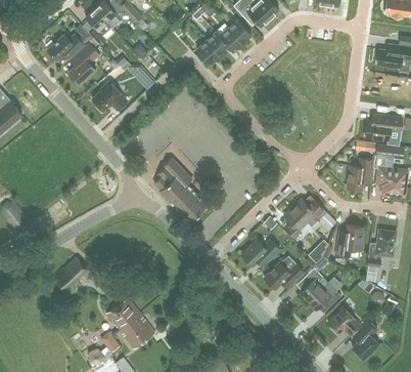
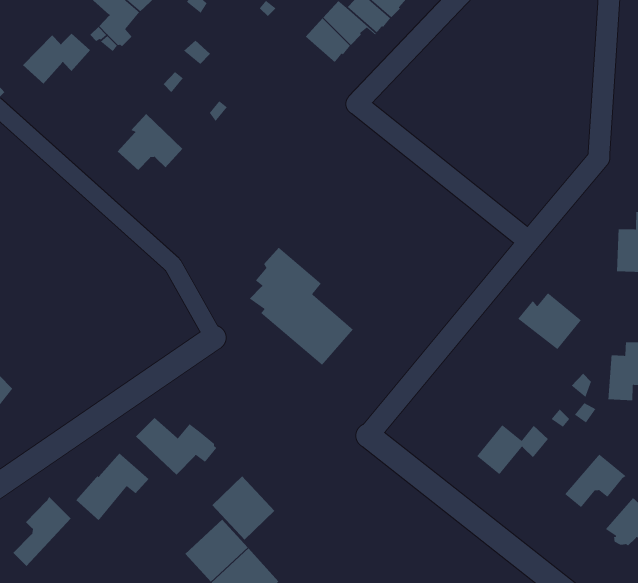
building: [68,43,99,83] -> none
building: [284,207,312,241] -> none
building: [241,239,279,265] -> none
building: none -> [135,417,217,475]
building: [300,266,328,301] -> none
building: none -> [212,476,275,540]
building: none -> [13,496,71,567]

